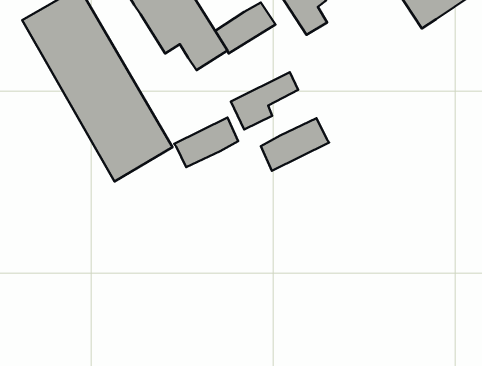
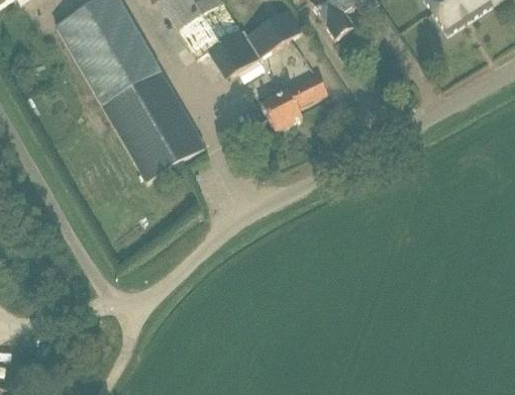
building: [174,118,238,167] -> none
building: [261,118,329,171] -> none

